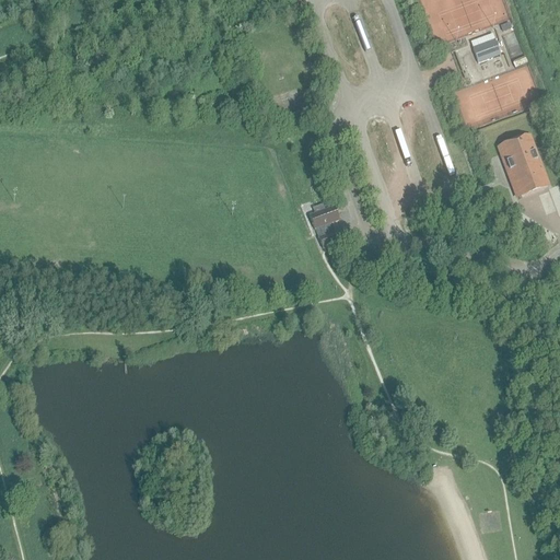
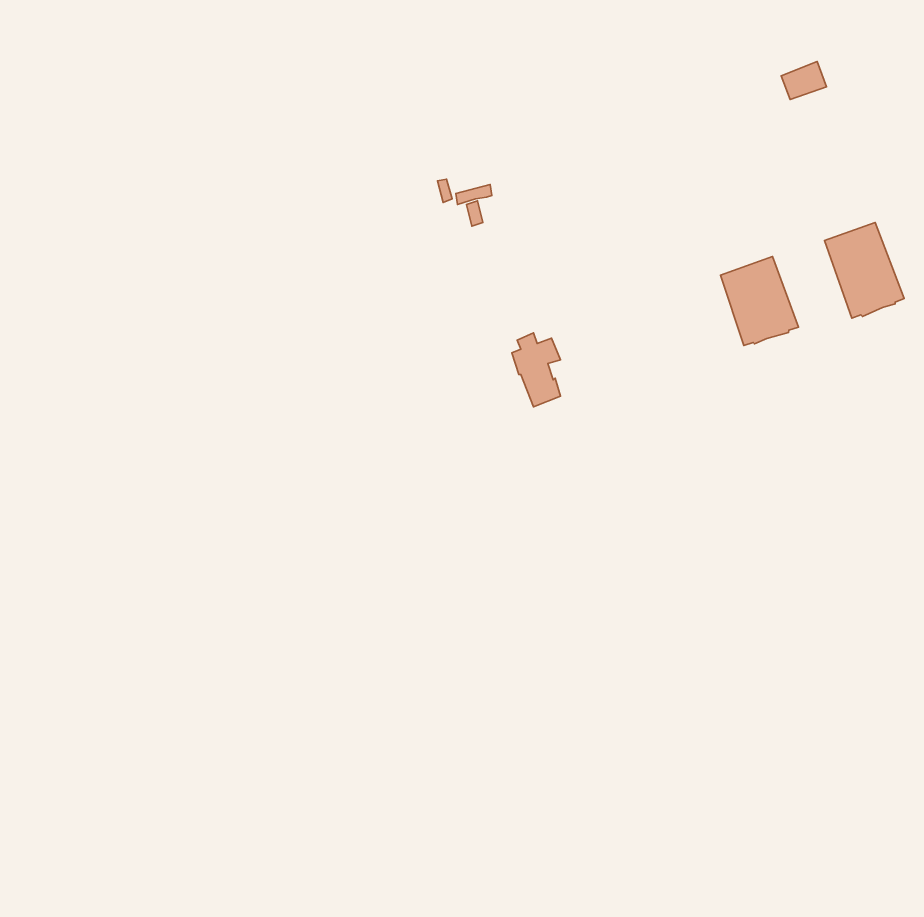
building: none -> [720,256,798,346]

